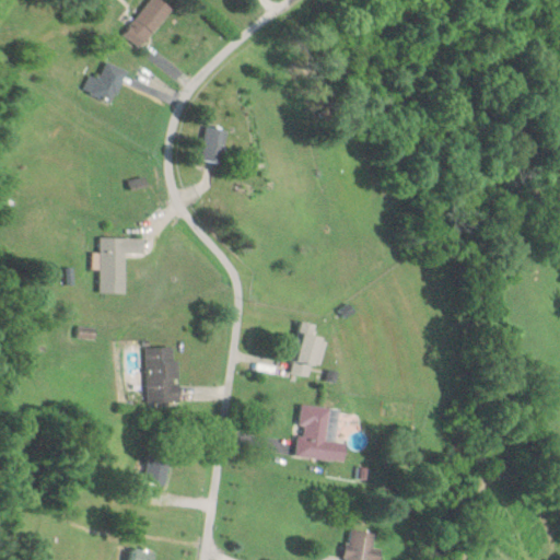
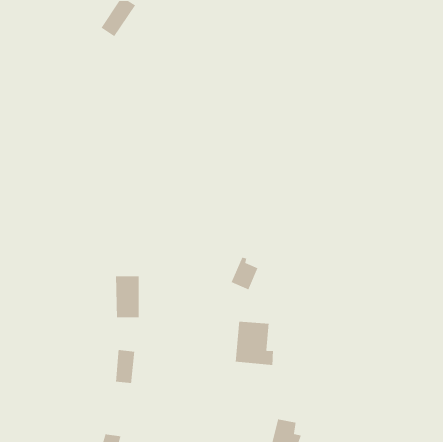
building: [83,62,124,101] -> none
building: [201,127,225,163] -> none
building: [100,237,144,294] -> none

